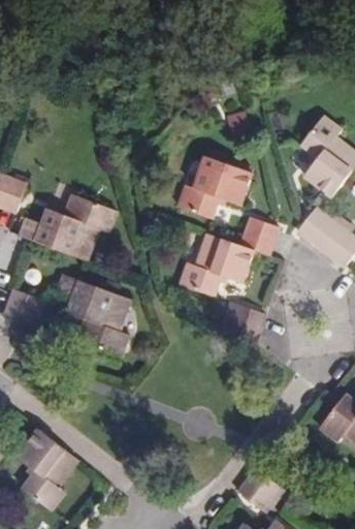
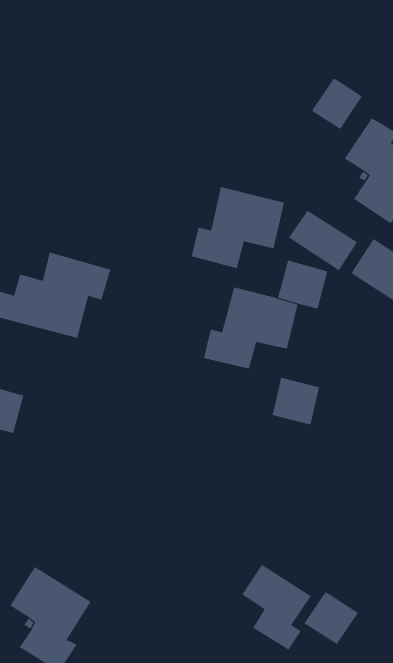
building: none -> [311,77,363,130]
building: none -> [288,210,358,271]
building: [56,274,130,356] -> none
building: none -> [241,564,312,651]

